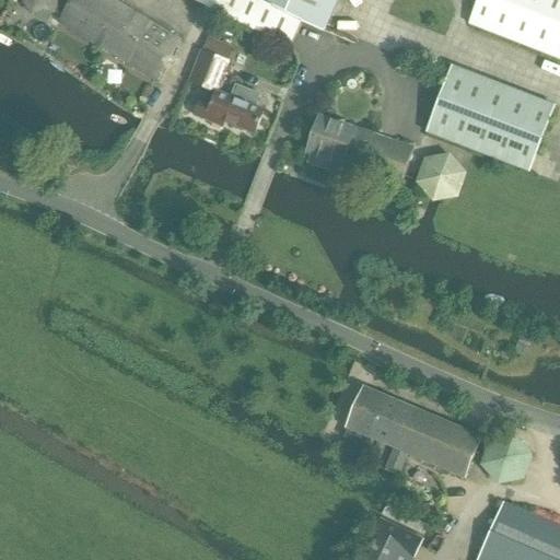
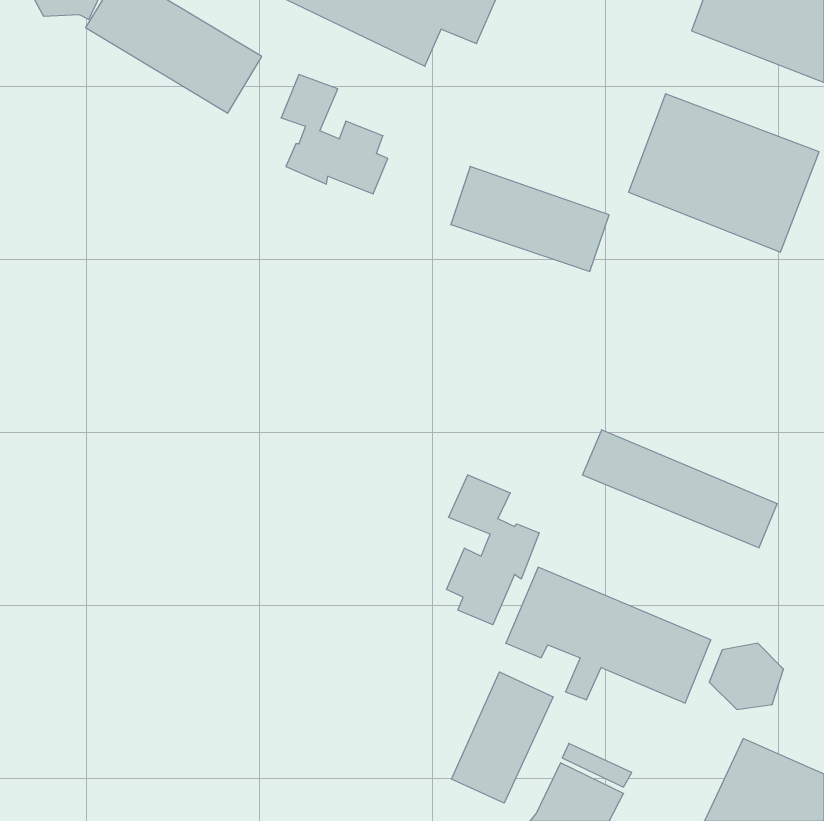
building: [415,152,467,201] -> none
building: none -> [583,430,777,548]
building: none -> [446,475,539,625]
building: none -> [452,672,553,803]

